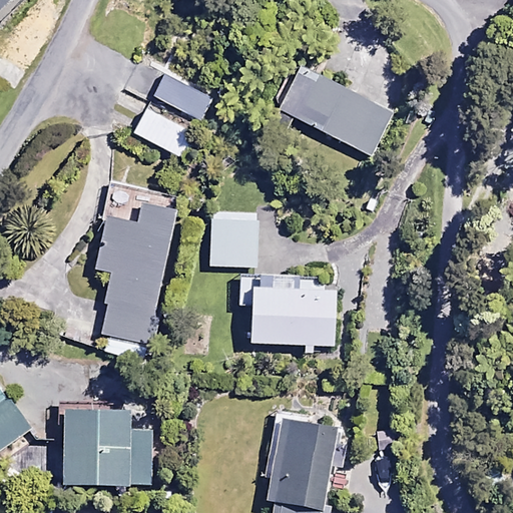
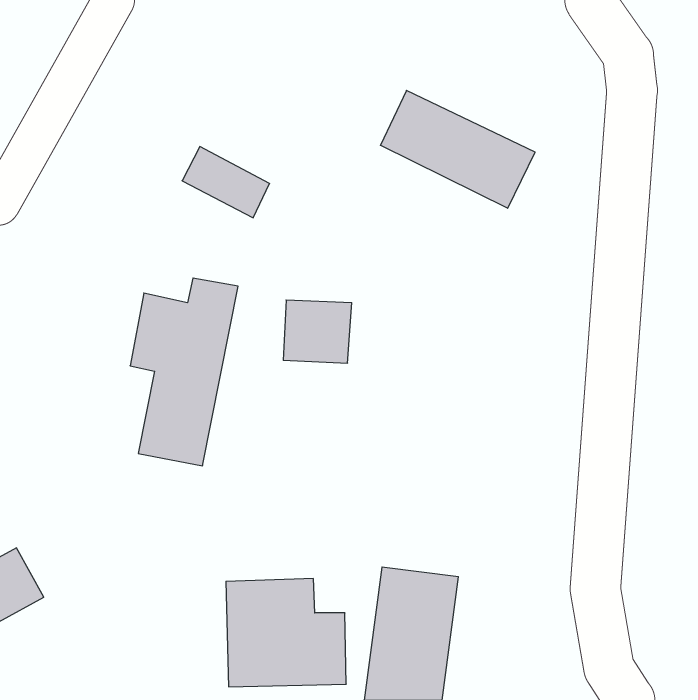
building: [150,70,212,123] -> none
building: [235,275,336,344] -> none
building: [64,407,152,486] -> [226,579,346,687]

